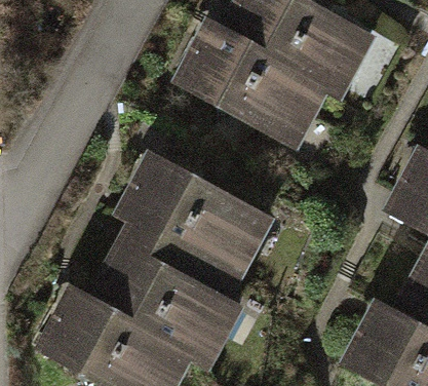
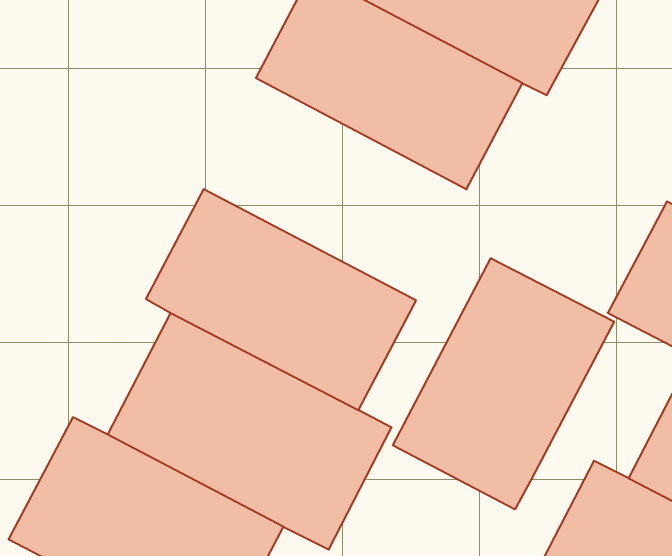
building: none -> [393,258,614,509]

